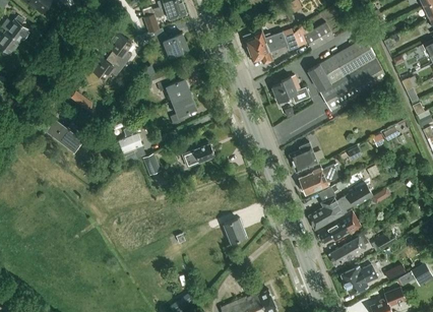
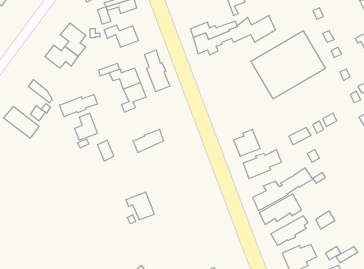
building: none -> [145,50,170,92]
building: [272,75,310,104] -> none
building: none -> [59,95,97,117]
building: [216,213,247,243] -> [126,192,154,220]

